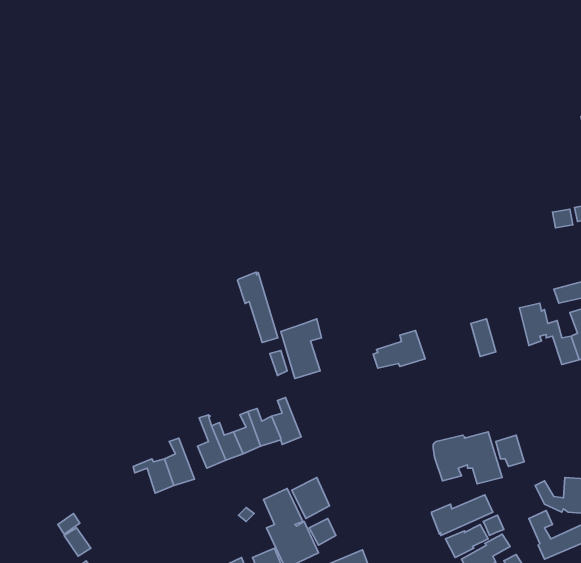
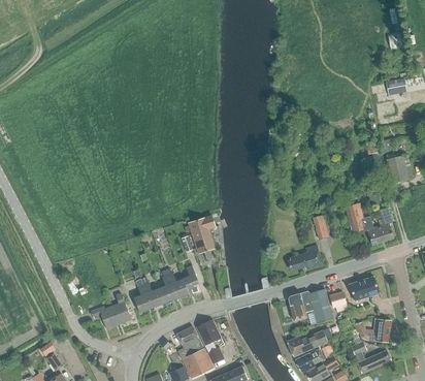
building: [238,272,278,343] -> none
building: [373,331,425,368] -> [288,246,322,271]
building: none -> [349,277,379,300]

